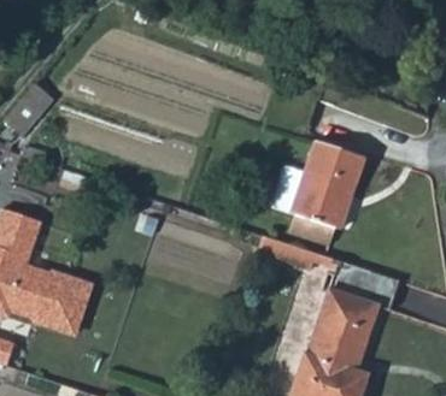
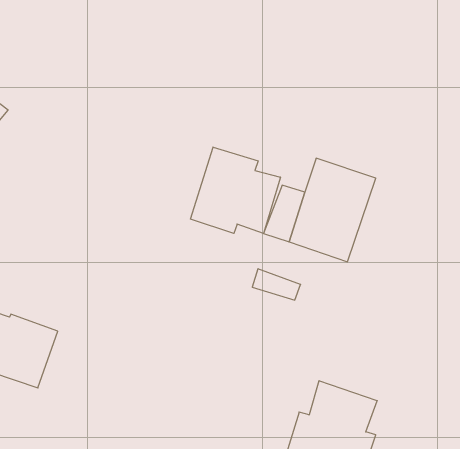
building: none -> [190,147,280,233]
building: [315,259,398,345] -> none

